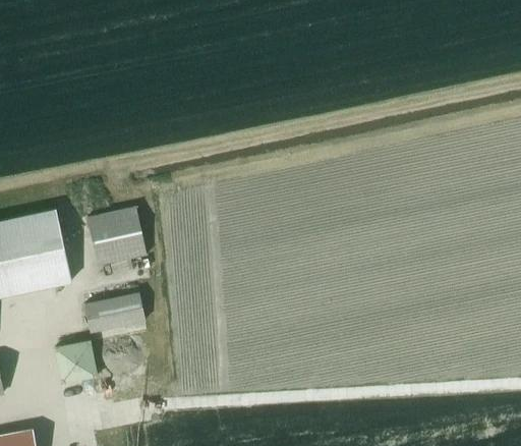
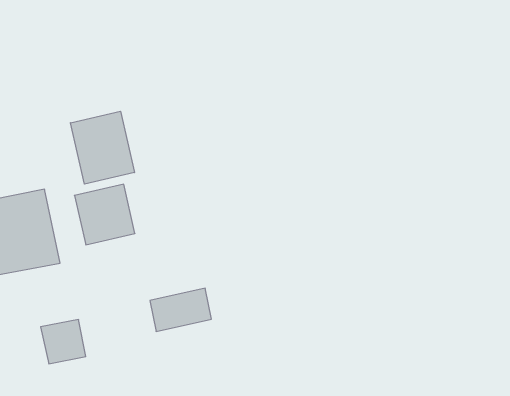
building: none -> [70,111,134,184]
building: [83,291,144,334] -> [150,288,211,331]

